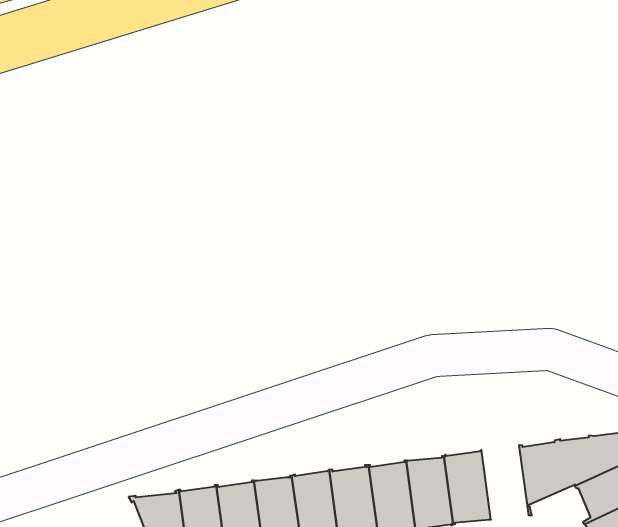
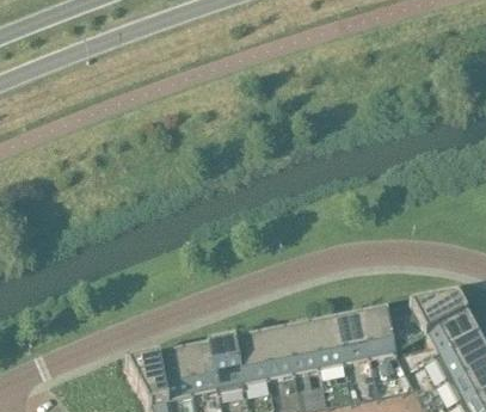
building: none -> [364,306,399,357]

